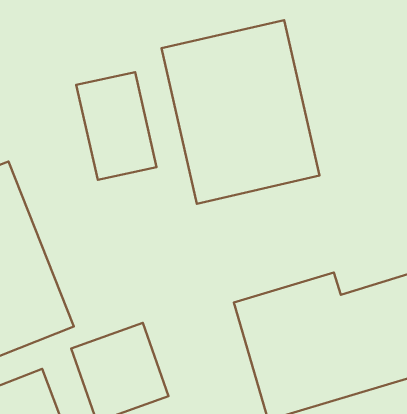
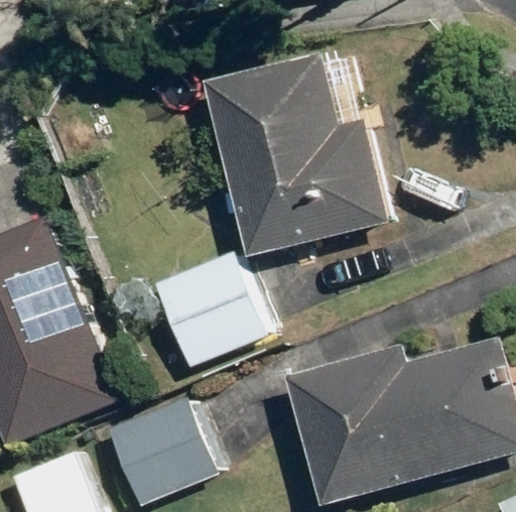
building: [76,72,157,180] -> none
building: none -> [155,249,269,367]

